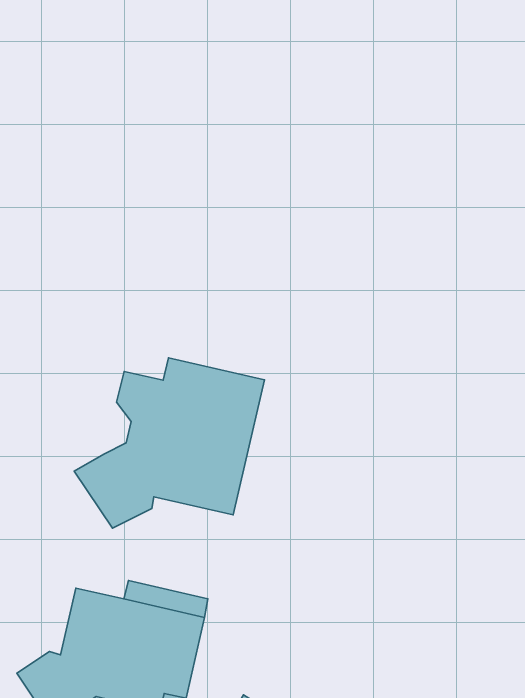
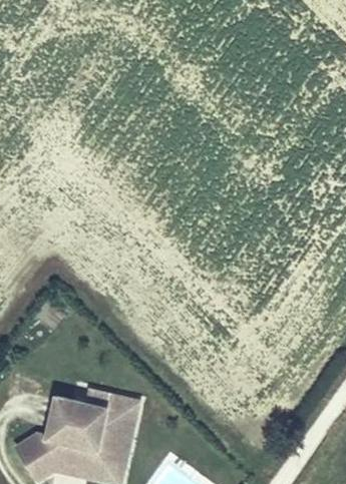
building: [74,358,264,528] -> none

